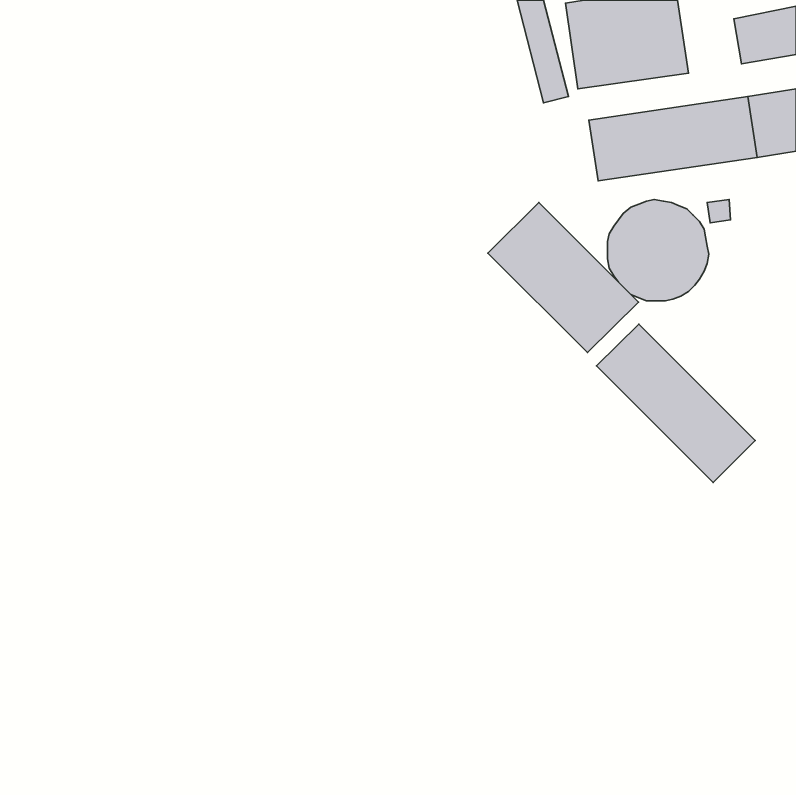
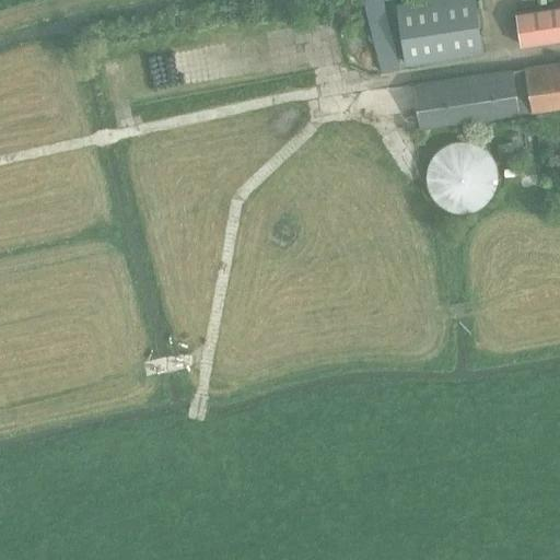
building: [488,203,638,353] -> none
building: [597,324,755,482] -> none

